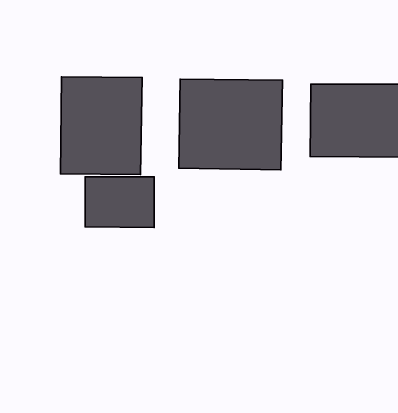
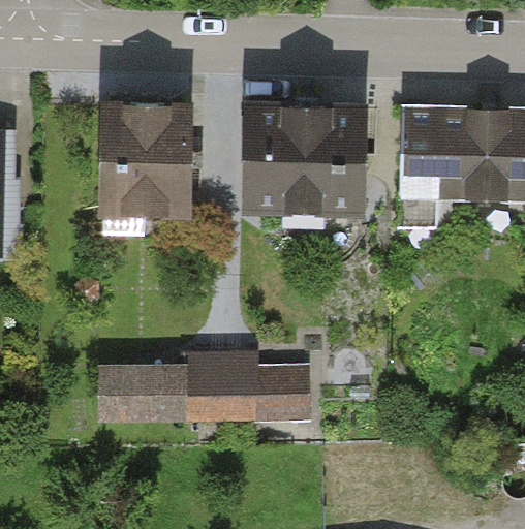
building: [85,177,154,228] -> [100,344,186,407]
building: none -> [206,341,313,413]

